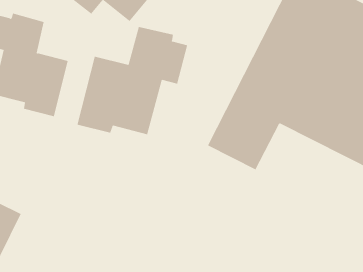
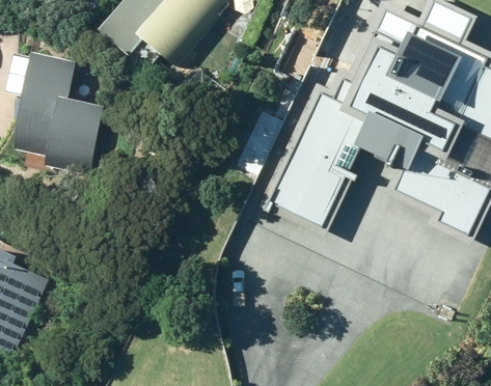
building: [77,26,188,135] -> none

